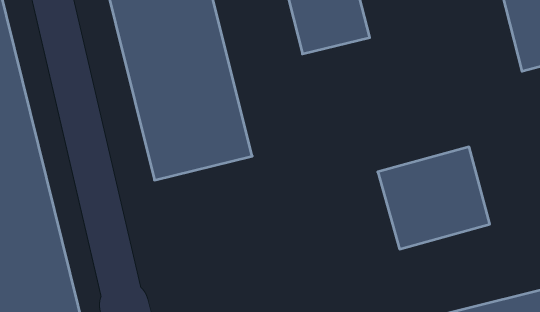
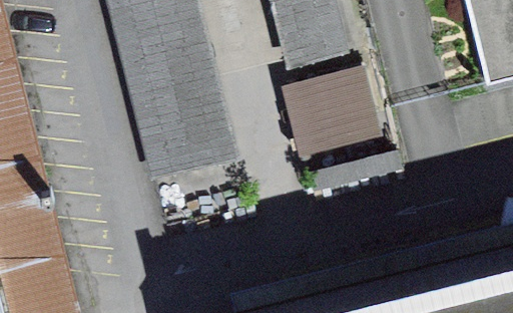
building: [378,147,490,249] -> [281,67,384,162]

